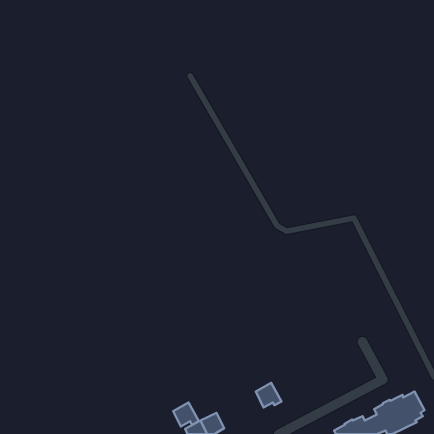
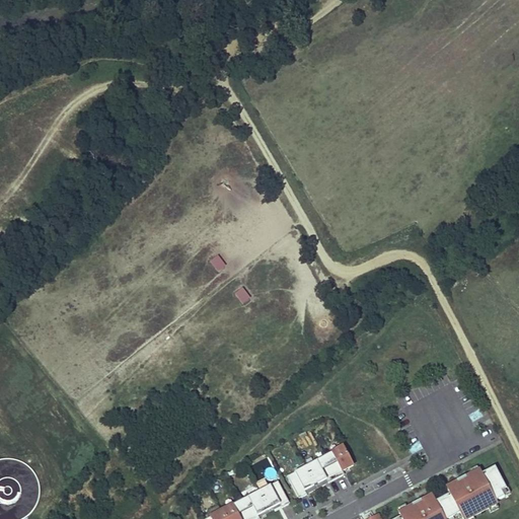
building: none -> [322,446,352,477]
building: none -> [285,465,313,498]
building: [173,403,199,426] -> [257,480,288,509]

